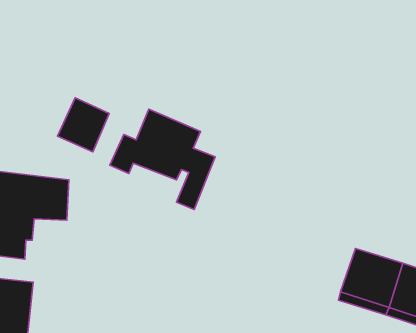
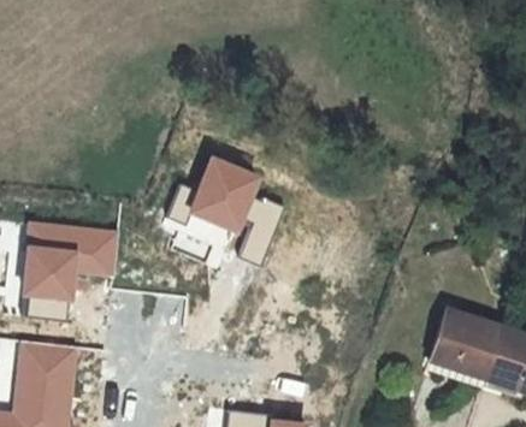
building: [58,98,109,152] -> none

